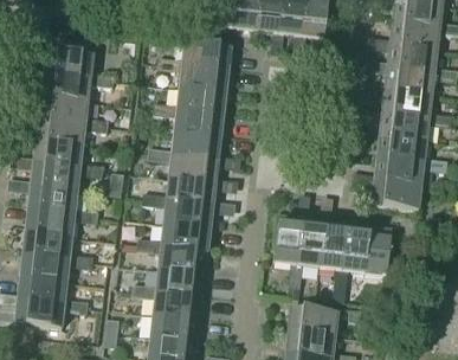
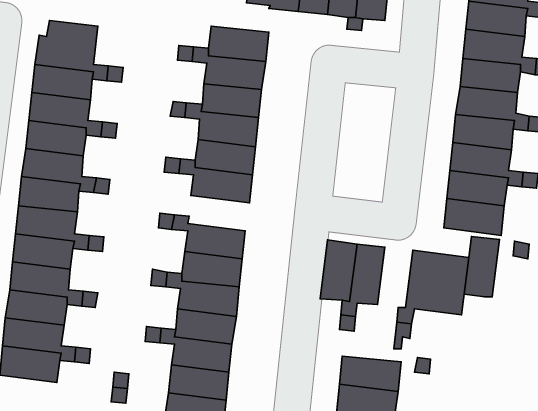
building: [166,178,215,206] -> none
building: [318,219,347,268] -> [464,237,499,297]

